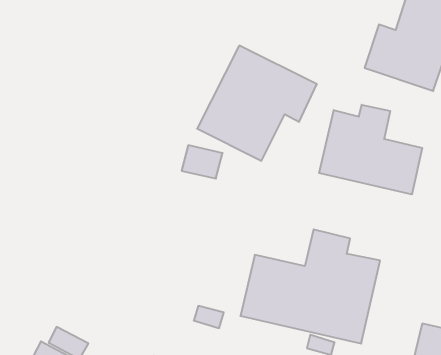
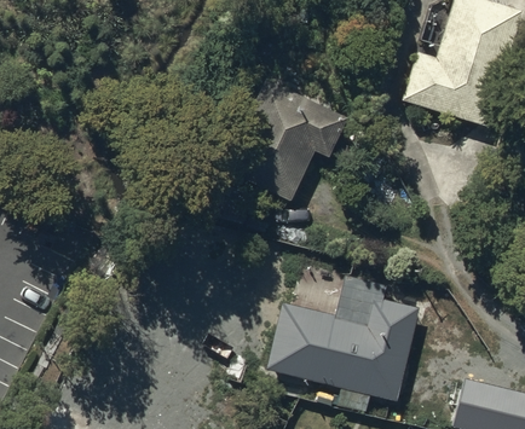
building: [319,105,422,194] -> none

